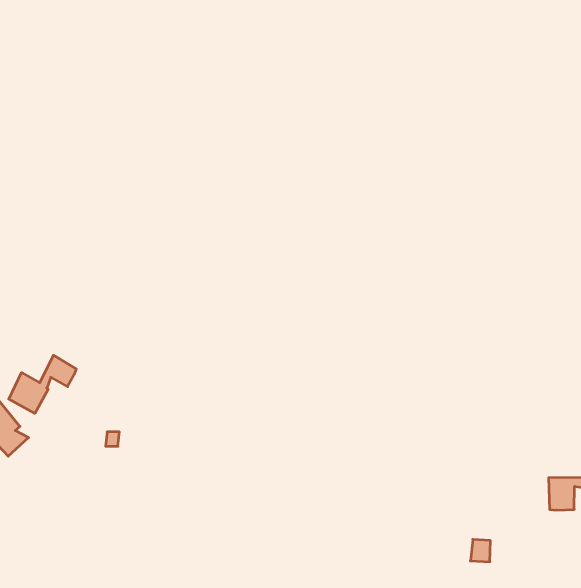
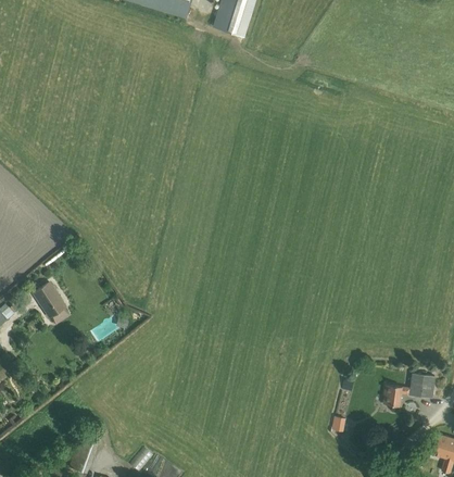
building: [9,355,76,413] -> none

